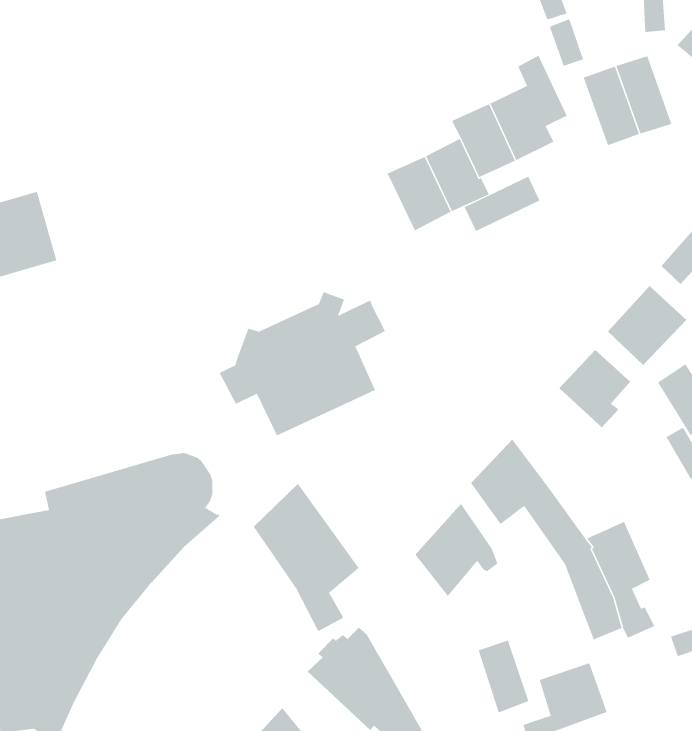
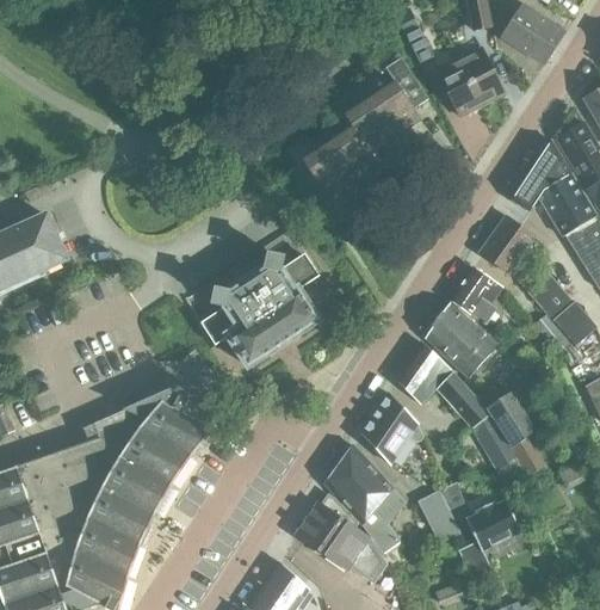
building: [464,176,540,232] -> none
building: none -> [425,300,499,377]
building: [253,483,359,632] -> [324,445,407,553]

